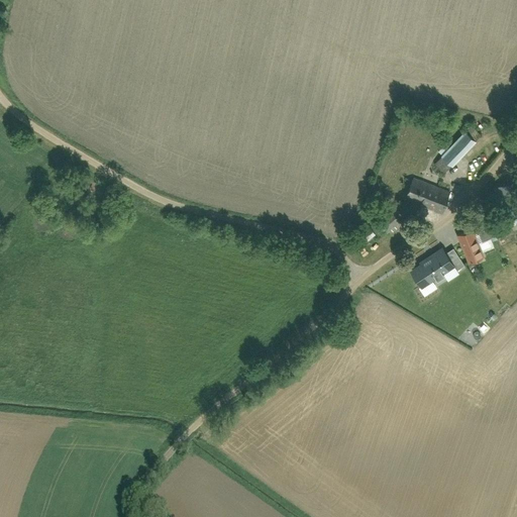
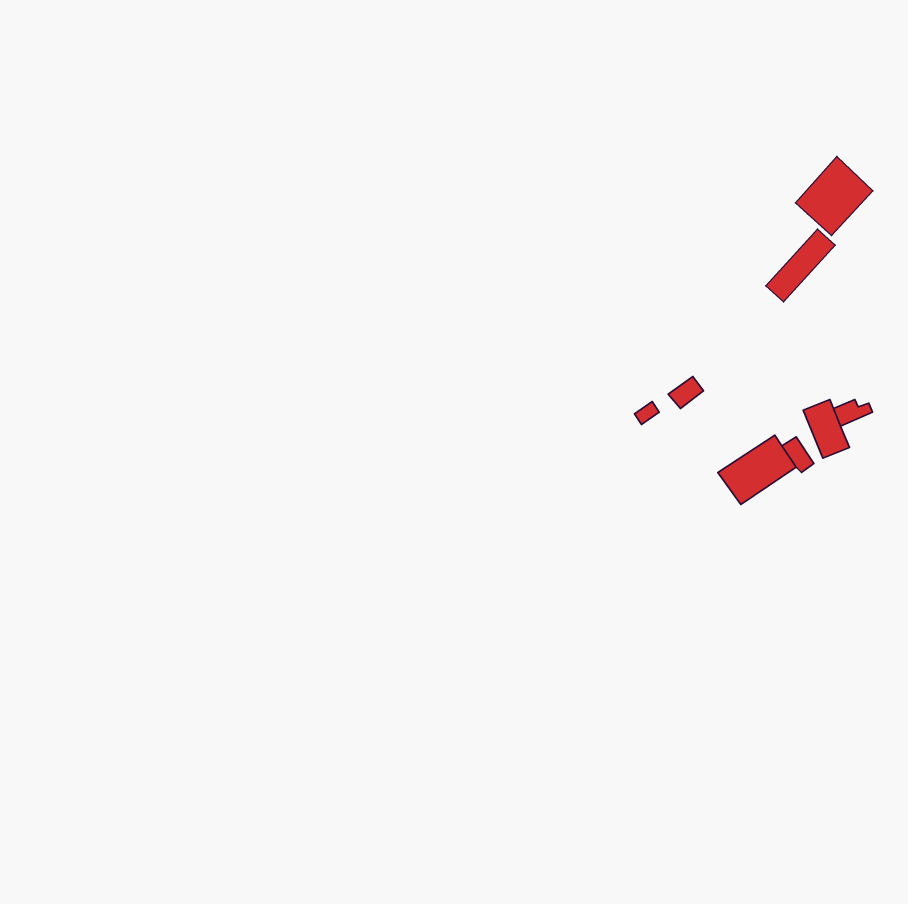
building: none -> [796,157,873,235]
building: [406,179,450,213] -> none

